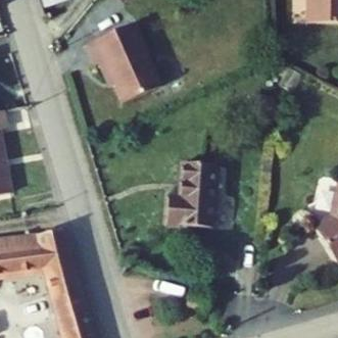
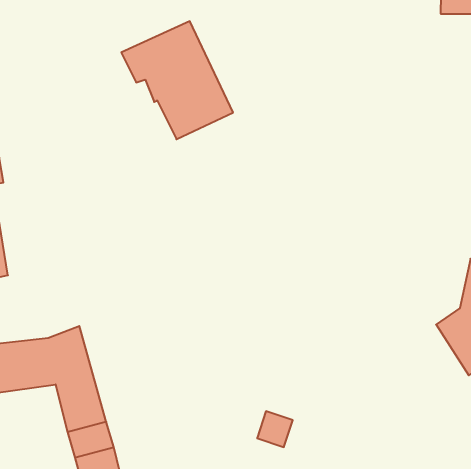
building: [164,155,219,222] -> none

